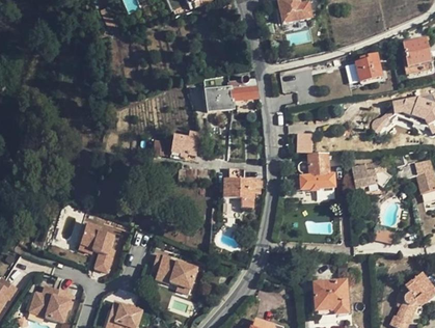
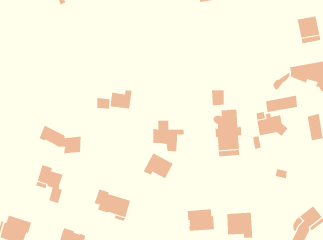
building: [355,54,382,82] -> none
building: [203,75,257,111] -> none
building: none -> [265,95,297,113]
building: none -> [39,125,81,154]
building: none -> [143,153,173,179]
building: none -> [187,209,214,231]

